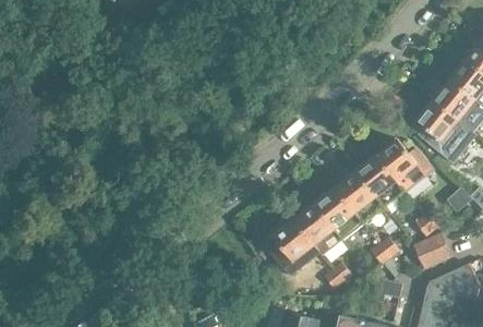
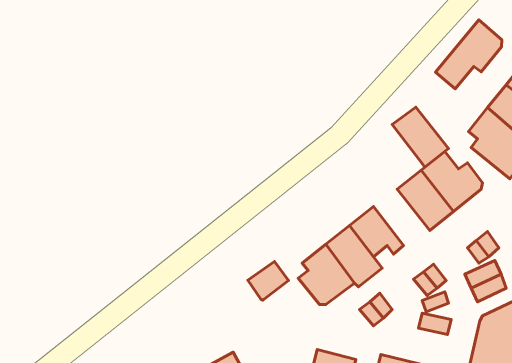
building: none -> [435,20,502,89]
building: [334,171,383,223] -> [392,107,449,167]
building: none -> [248,261,289,300]

